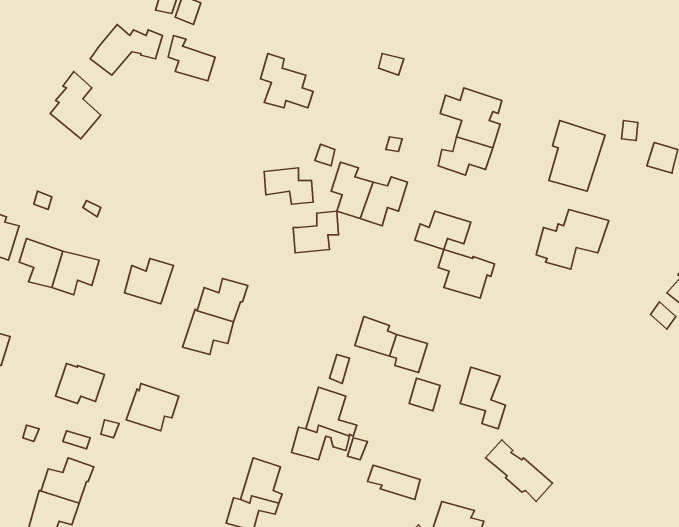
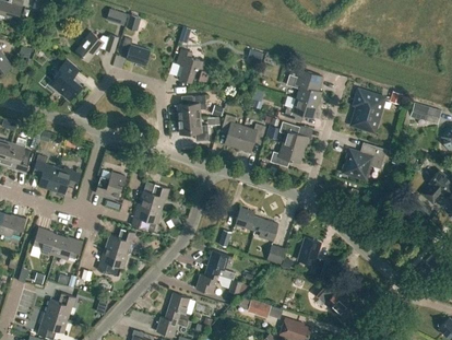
building: [293,211,339,253] -> [178,94,205,119]
building: [438,249,495,298] -> [278,120,312,150]
building: none -> [33,227,60,255]
building: none -> [105,227,135,255]

